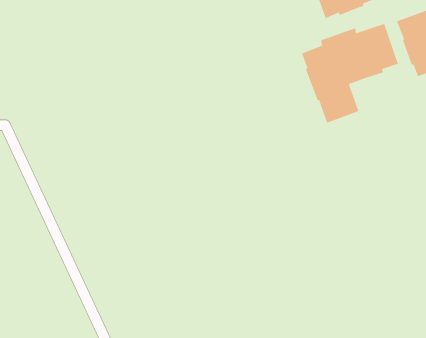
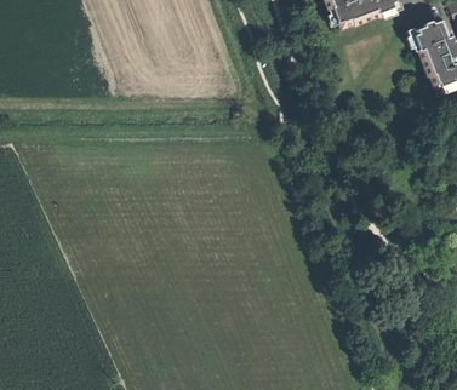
building: [301,23,398,124] -> none

